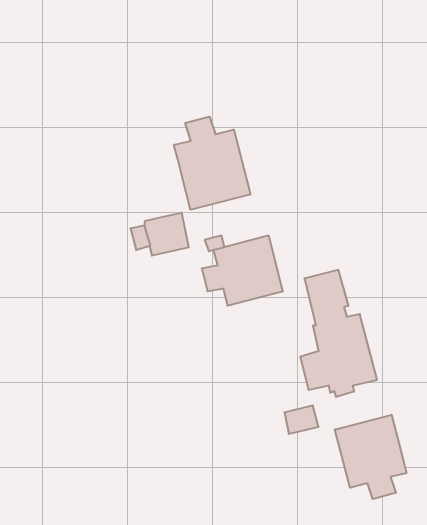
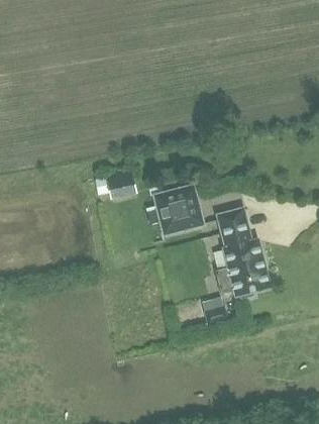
building: [174,117,250,210] -> none
building: [335,415,407,499] -> none

